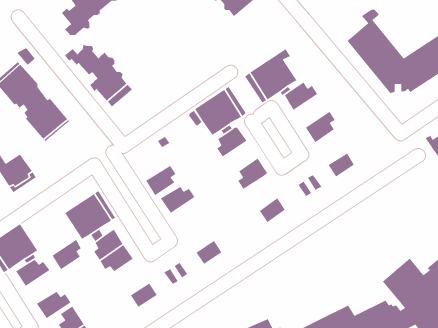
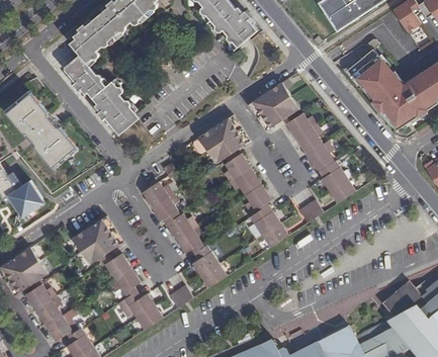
building: none -> [64,60,94,83]
building: none -> [294,122,325,153]
building: none -> [318,161,347,191]
building: none -> [226,168,259,195]
building: none -> [142,179,175,206]
building: none -> [249,204,279,236]
building: none -> [175,222,205,253]
building: none -> [191,245,217,276]
building: [52,239,82,270] -> [34,293,64,324]
building: none -> [117,290,155,318]

